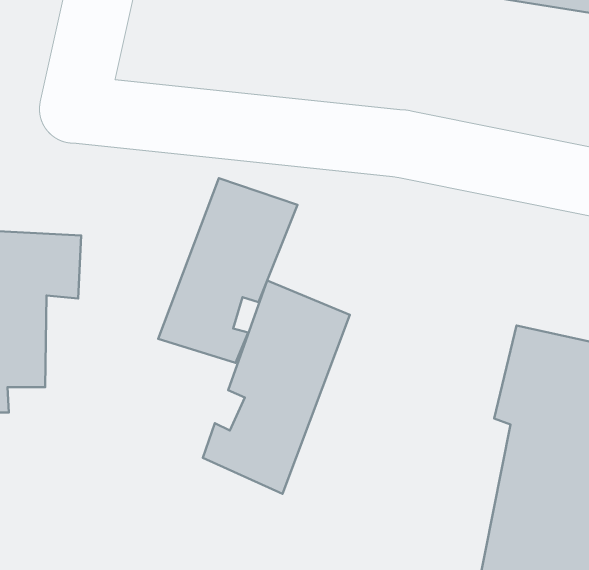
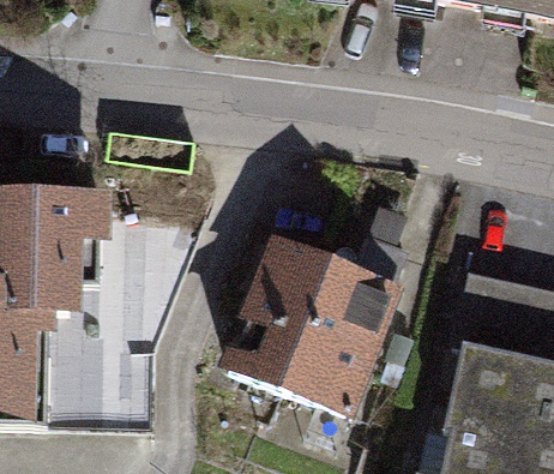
building: [158,178,298,363] -> none
building: none -> [278,233,411,425]

